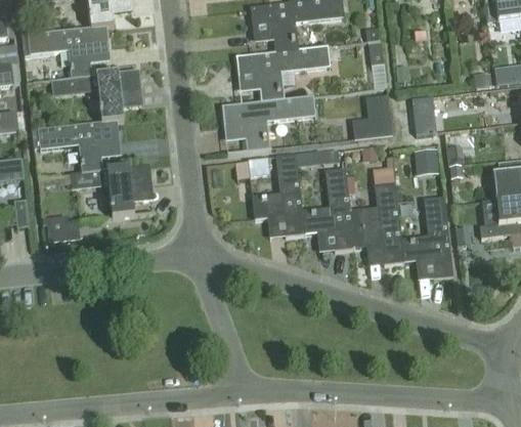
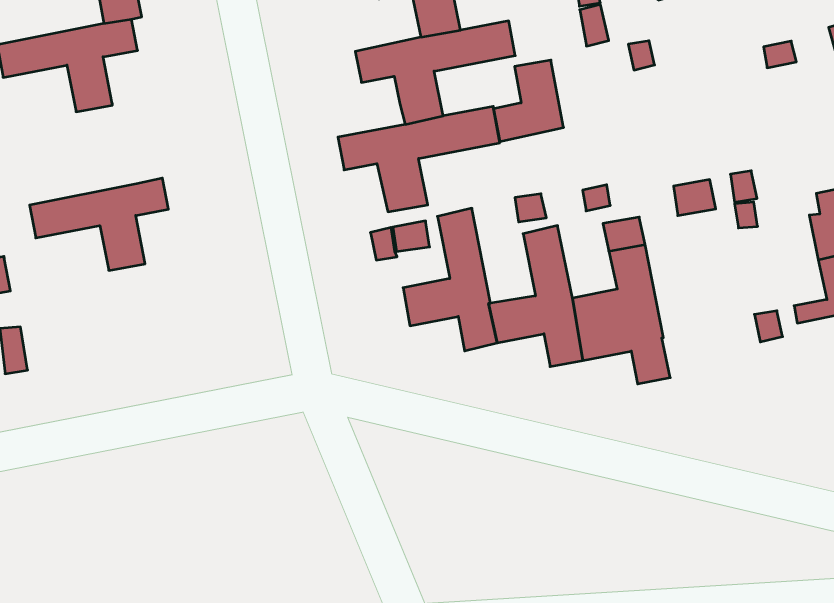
building: [50,69,140,122] -> none
building: [351,93,391,138] -> [494,60,564,142]
building: [413,96,435,133] -> none
building: [70,163,151,216] -> none
building: [400,196,452,279] -> none
building: [46,218,80,241] -> none

